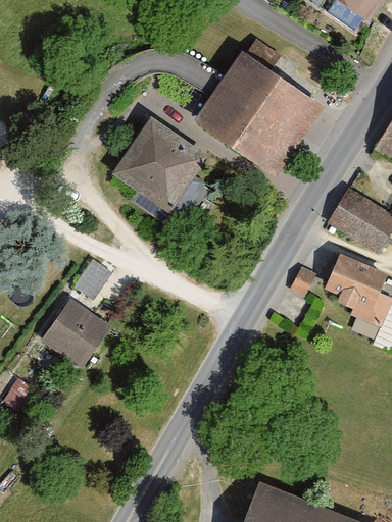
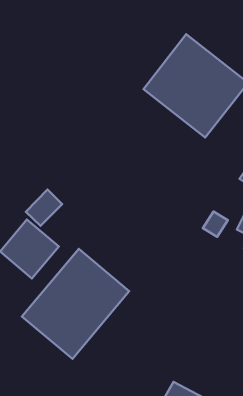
building: [114,117,210,230] -> none
building: none -> [22,249,129,359]

